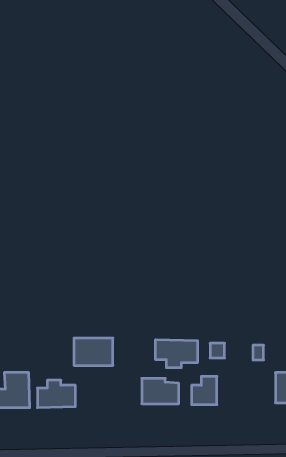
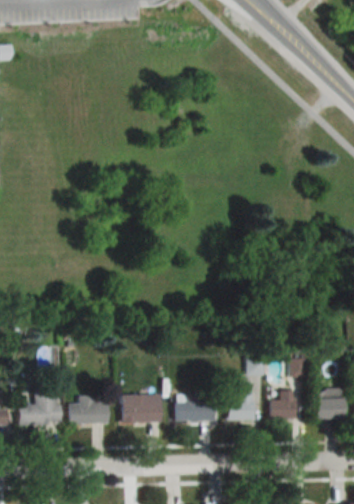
building: [74,338,113,365] -> [122,394,162,422]
building: [156,340,197,368] -> none
building: none -> [270,390,295,419]

